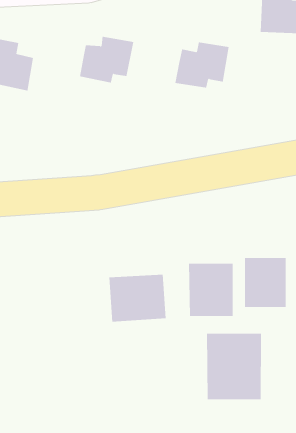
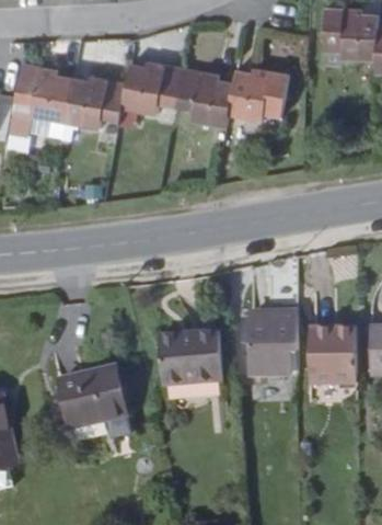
building: none -> [177,70,234,129]
building: none -> [67,78,128,132]
building: none -> [57,368,124,427]
building: [207,333,262,400] -> none

